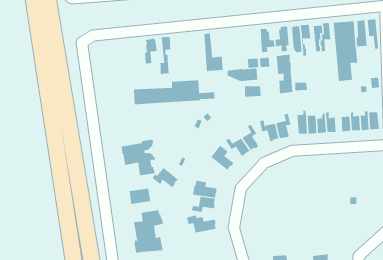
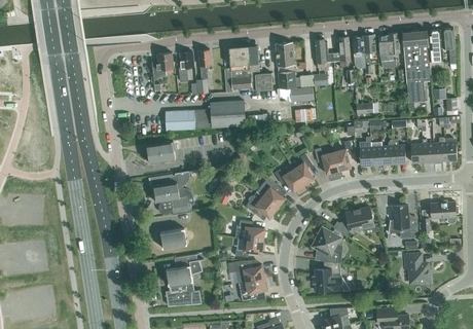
building: none -> [224,46,252,93]
building: none -> [151,52,174,82]
building: [276,54,293,94] -> [276,42,296,89]
building: none -> [146,142,176,166]
building: none -> [431,200,457,224]
building: [152,165,179,188] -> [246,191,278,219]
building: none -> [388,206,419,239]
building: none -> [333,208,374,236]
building: none -> [312,228,349,292]
building: none -> [404,254,431,284]
building: none -> [239,278,267,301]

